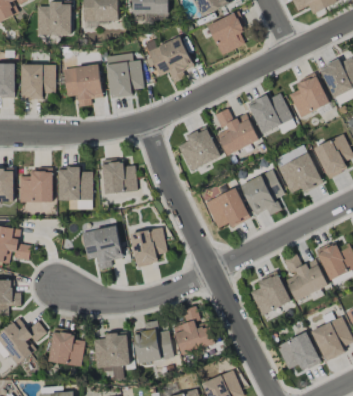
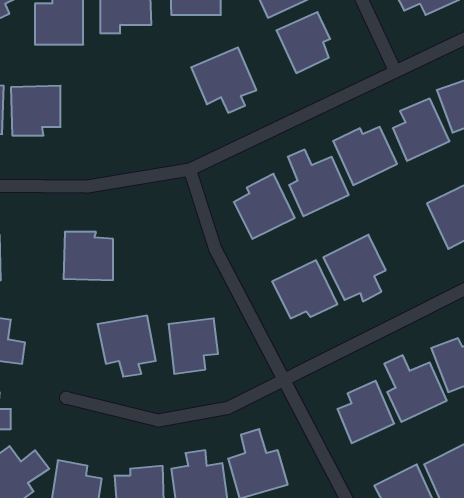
building: [104,53,144,99] -> none
building: [63,64,102,107] -> none
building: [273,144,323,193] -> none
building: [102,161,136,193] -> none
building: [19,169,52,202] -> none

